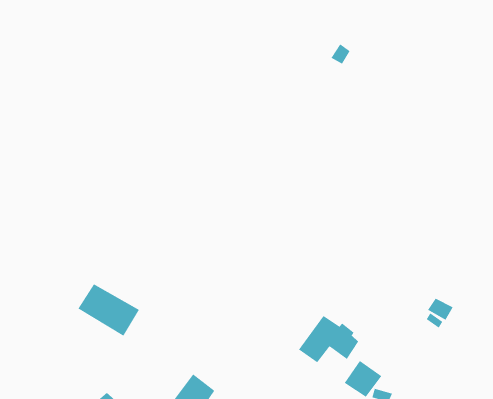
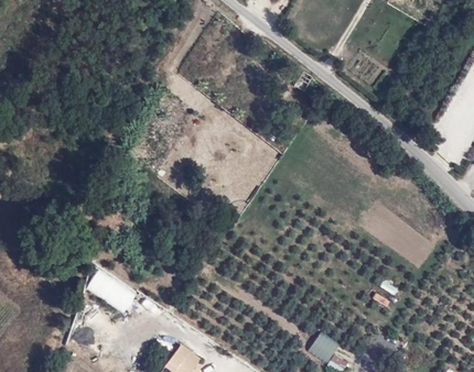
building: [298,315,359,363] -> none

